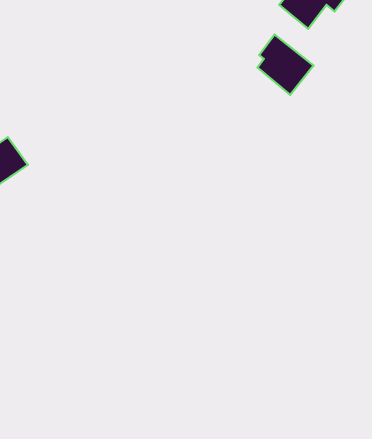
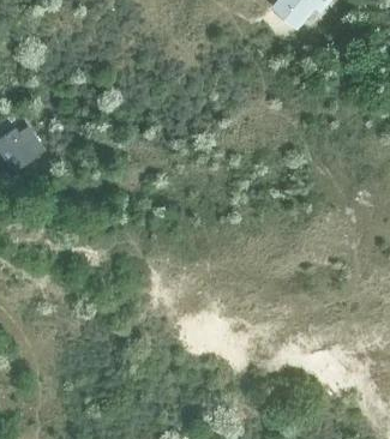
building: [258,34,313,95] -> none

